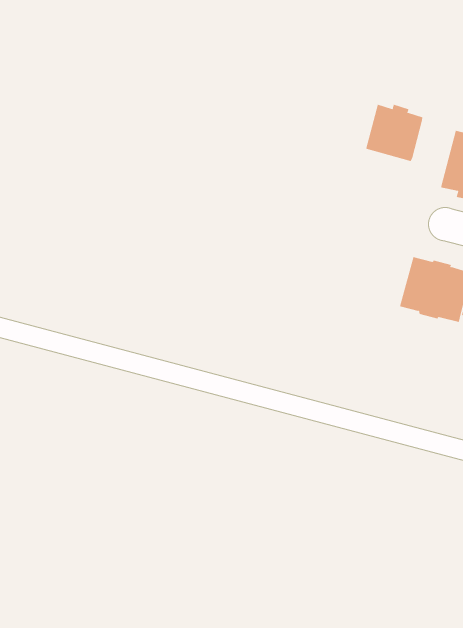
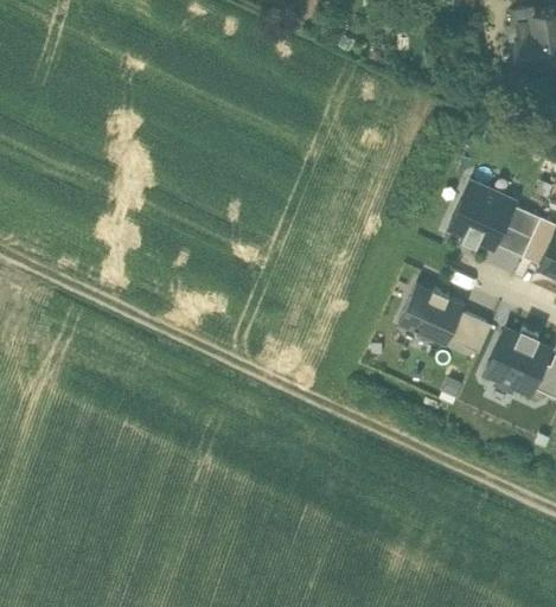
building: [365,104,423,162] -> none

